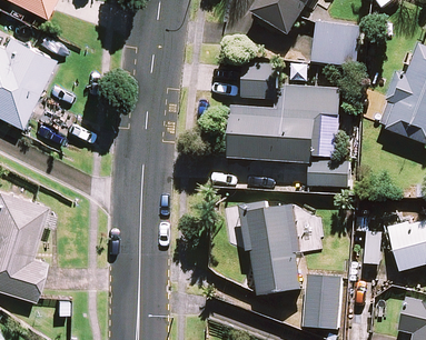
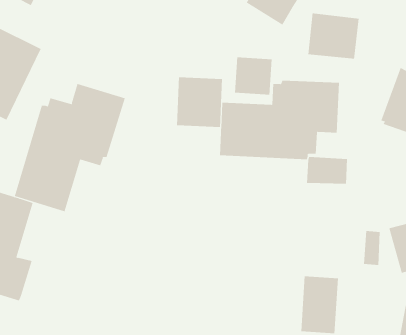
building: none -> [176,77,223,128]
building: none -> [14,83,126,212]
building: [244,207,303,297] -> none

